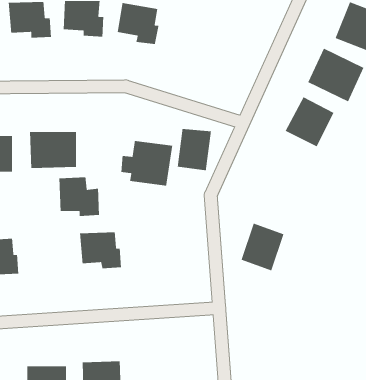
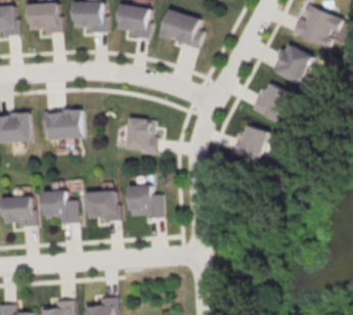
building: none -> [158,8,202,49]
building: [177,128,212,171] -> none
building: [59,177,100,217] -> [43,190,77,223]
building: [241,222,284,271] -> [236,124,271,164]
building: none -> [129,185,162,219]

